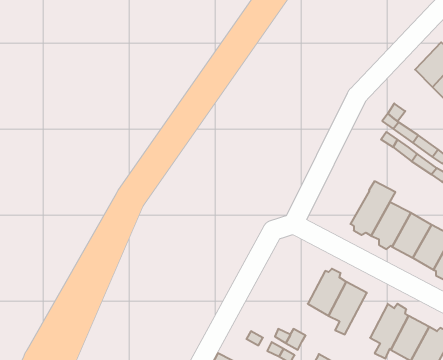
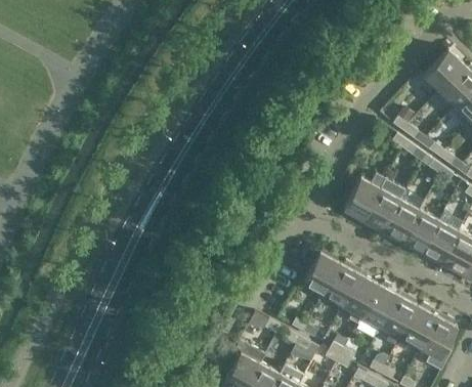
building: none -> [344,178,381,220]
building: none -> [303,253,340,295]
building: none -> [358,283,398,334]

